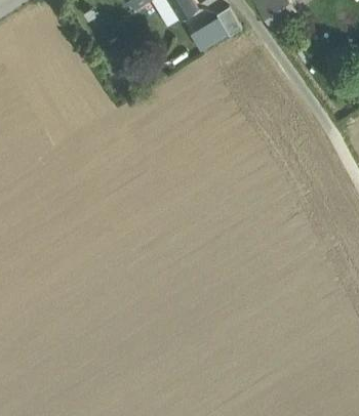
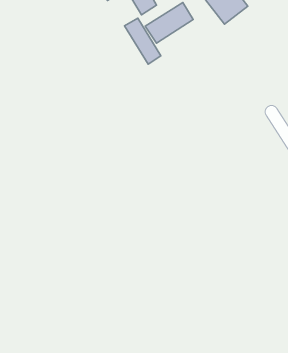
building: none -> [124,18,161,64]

